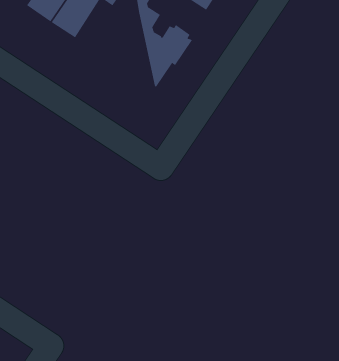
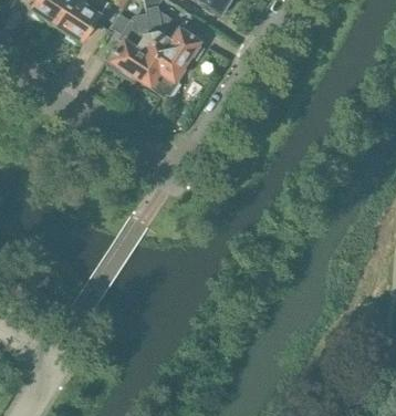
building: none -> [107,13,164,94]

